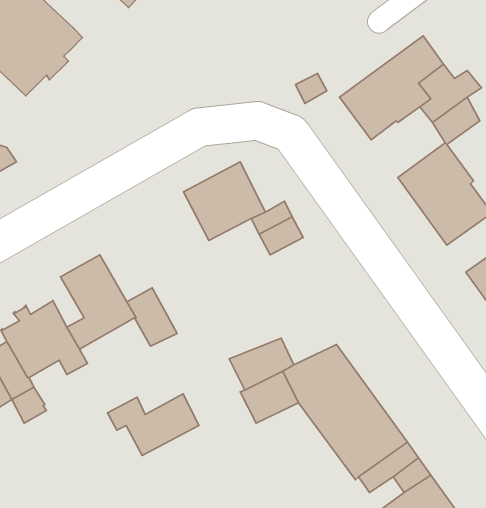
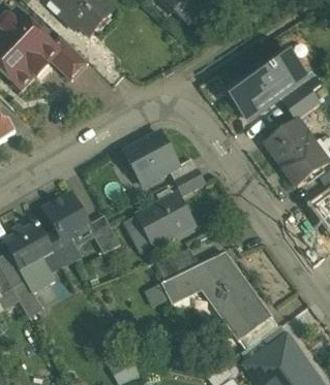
building: none -> [50,35,87,79]
building: [107,394,199,455] -> [131,204,191,245]

